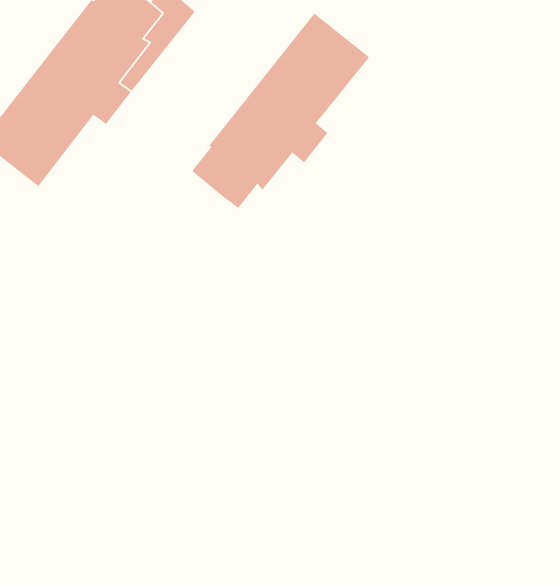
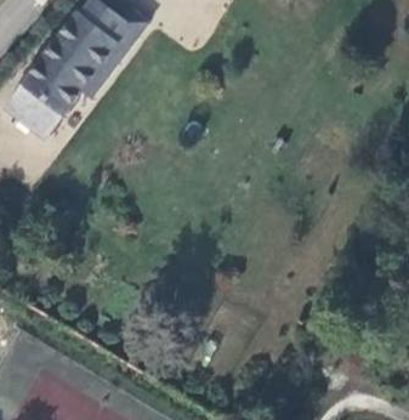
building: [191,13,370,209] -> none

